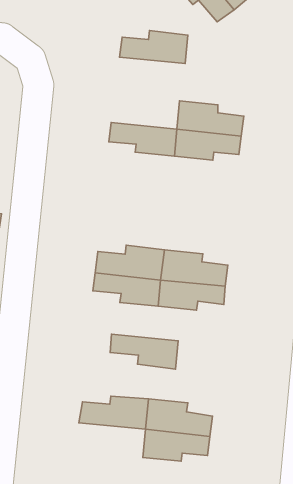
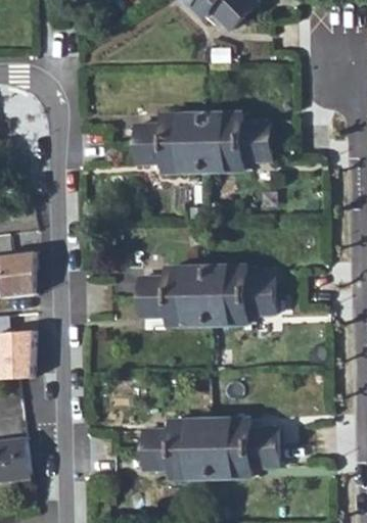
building: [120,30,188,64] -> [137,115,203,146]
building: [110,334,178,369] -> [143,448,212,477]

